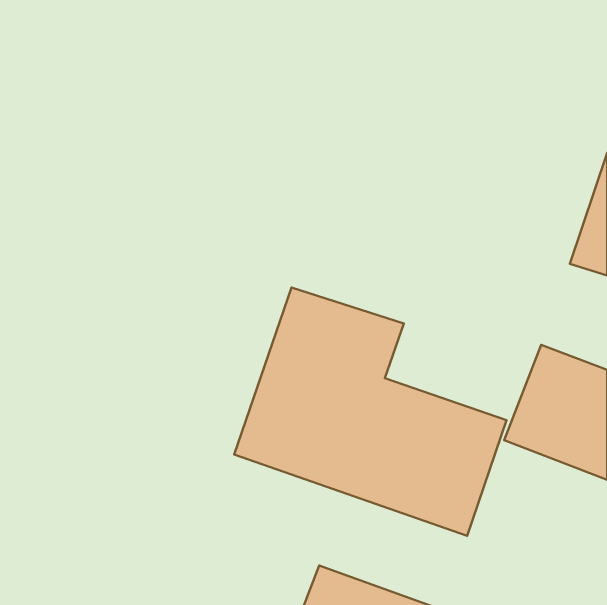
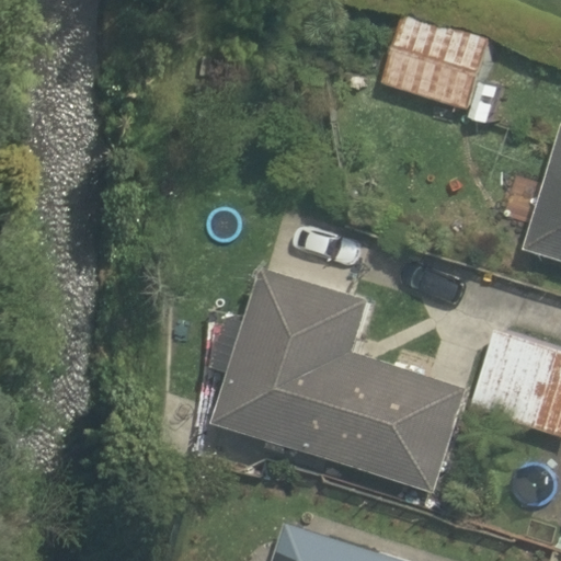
building: none -> [383,11,490,108]

